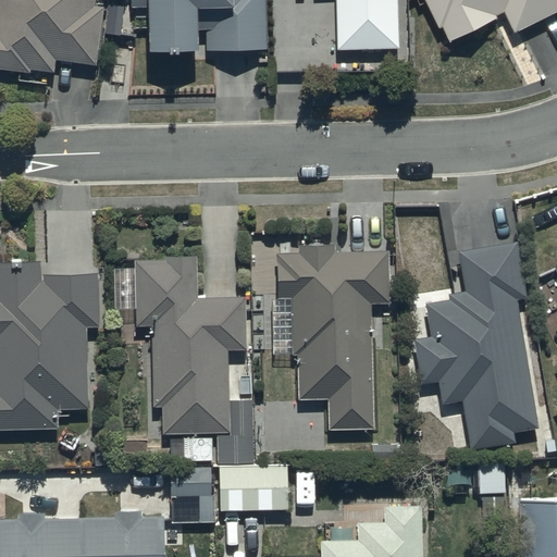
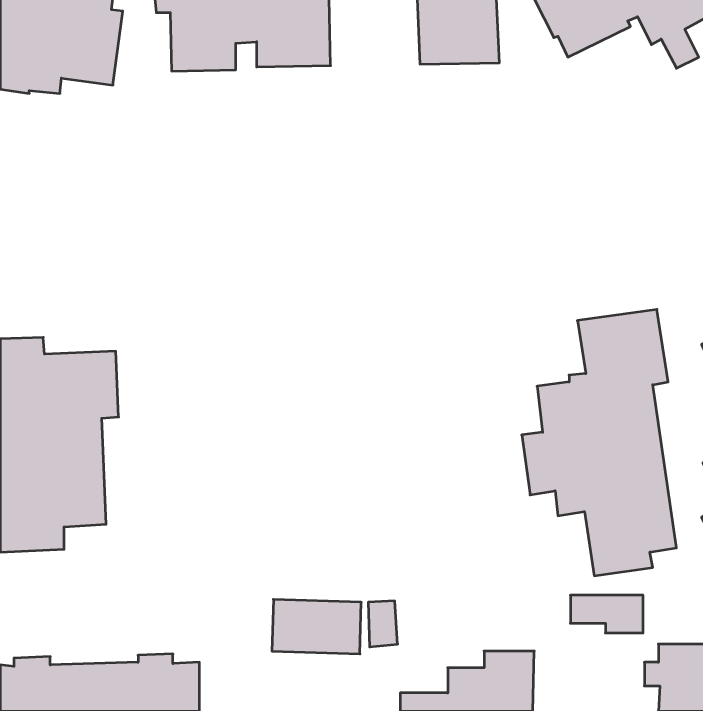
building: [270,247,389,429] -> none
building: [135,258,256,460] -> none
building: [171,468,221,522] -> none

